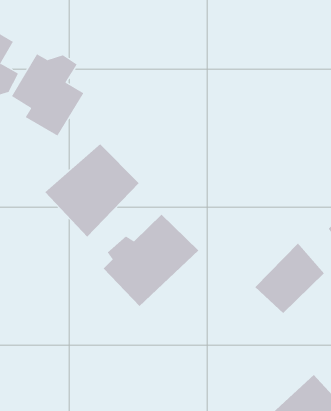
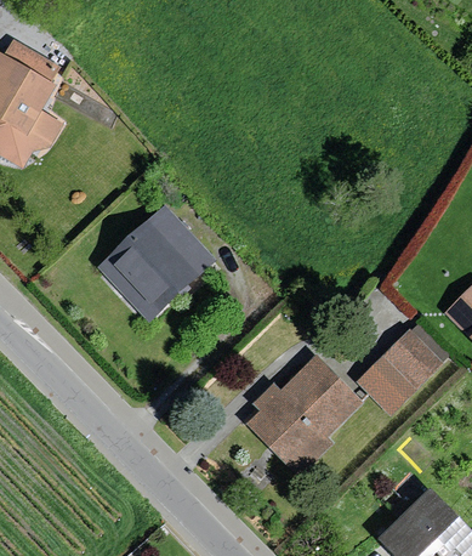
building: [11,53,84,137] -> none
building: [103,214,199,307] -> [245,356,363,470]

